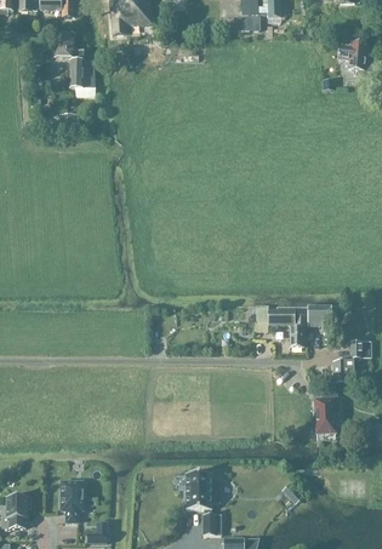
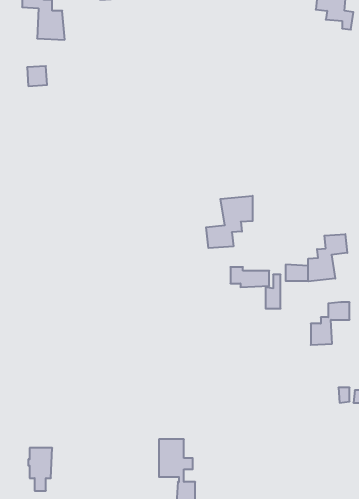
building: none -> [206,196,253,248]
building: none -> [308,234,347,281]
building: [315,389,336,431] -> none

